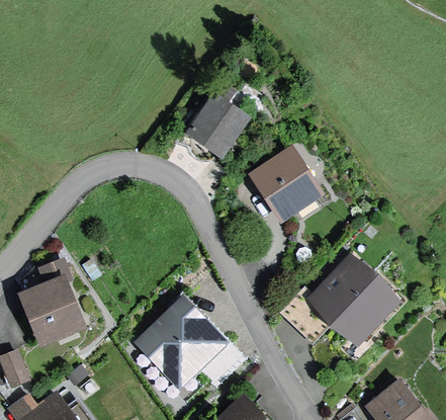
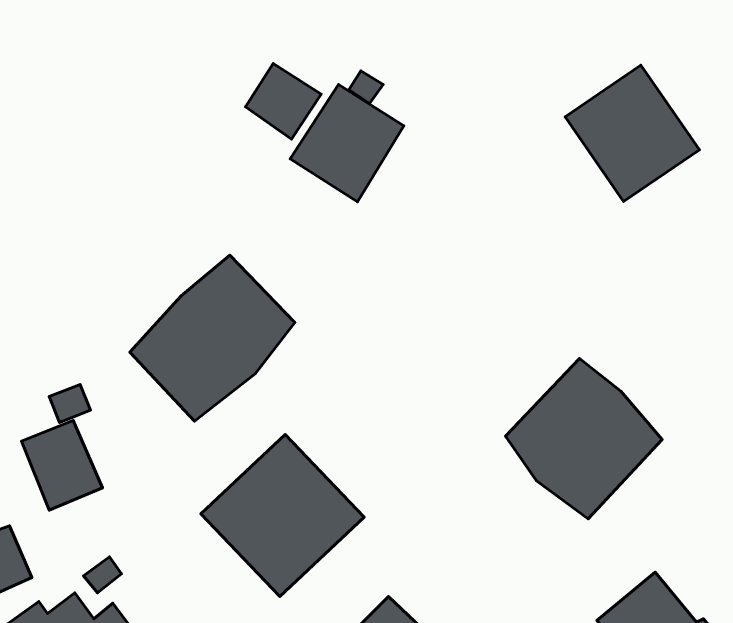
building: none -> [245,63,321,139]
building: [250,144,329,224] -> [565,65,699,201]
building: none -> [130,255,295,421]

